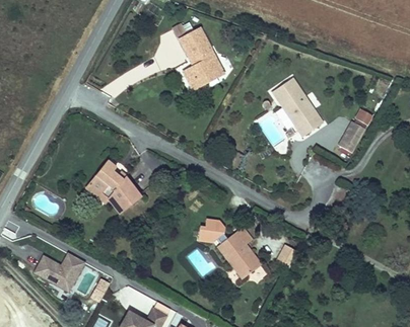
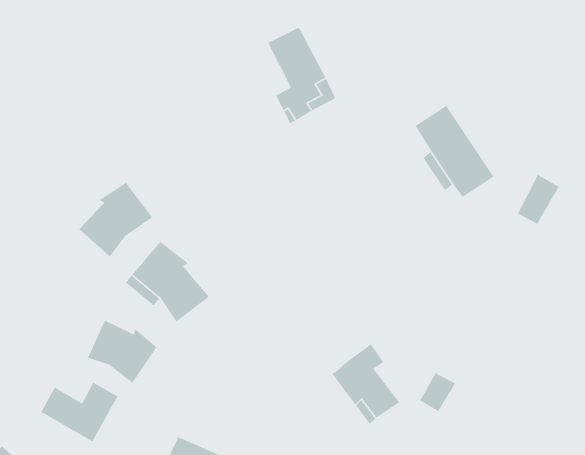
building: none -> [78,182,153,258]
building: none -> [87,320,157,384]
building: [198,221,228,245] -> none

